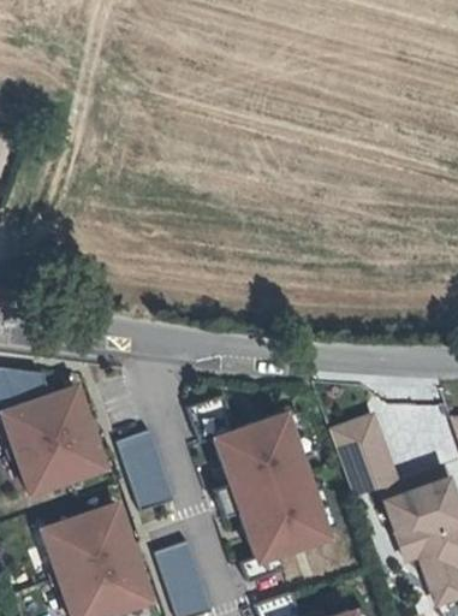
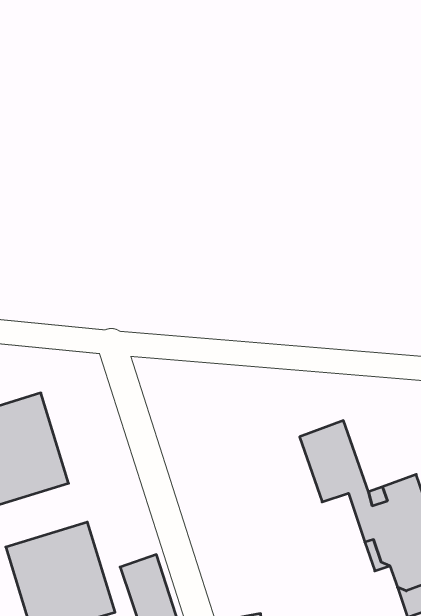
building: [214,416,332,568] -> none
building: [119,431,173,509] -> none

